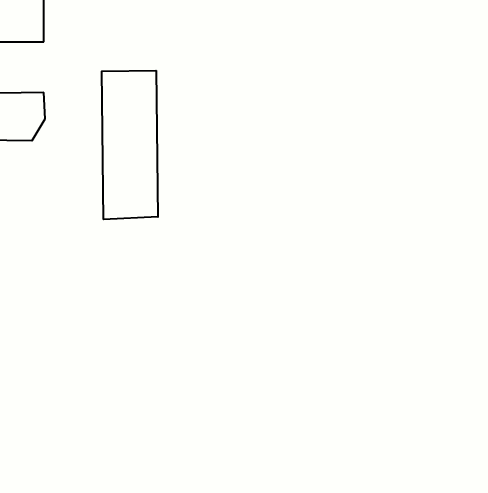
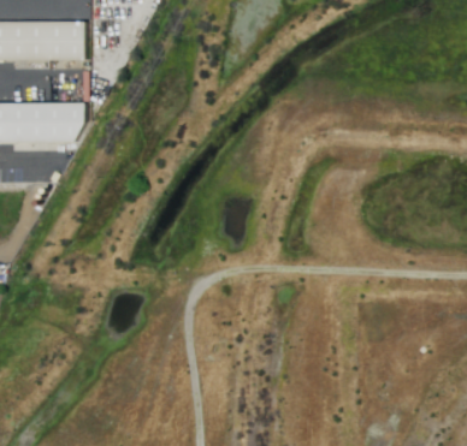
building: [102,71,158,219] -> none

